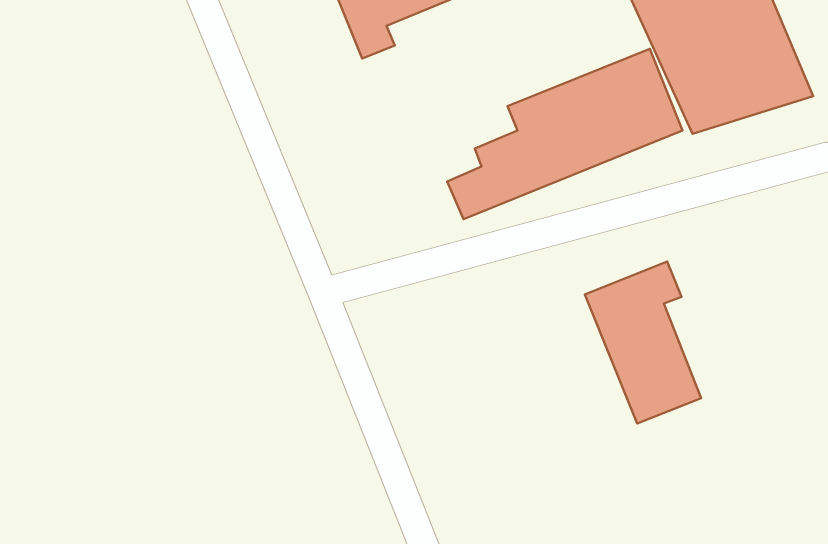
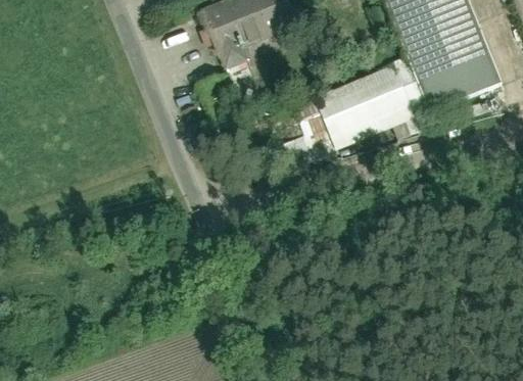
building: [585,261,701,424] -> none

